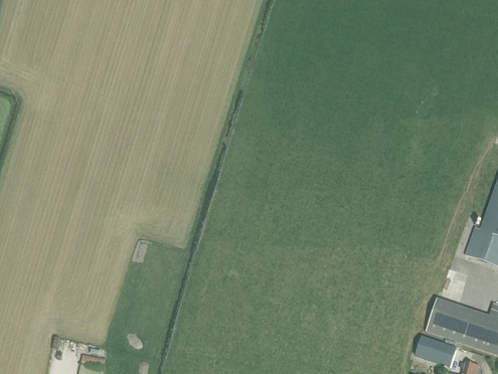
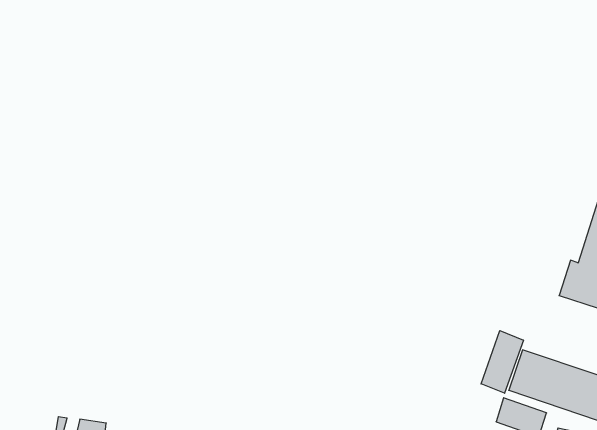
building: none -> [481,331,523,393]

